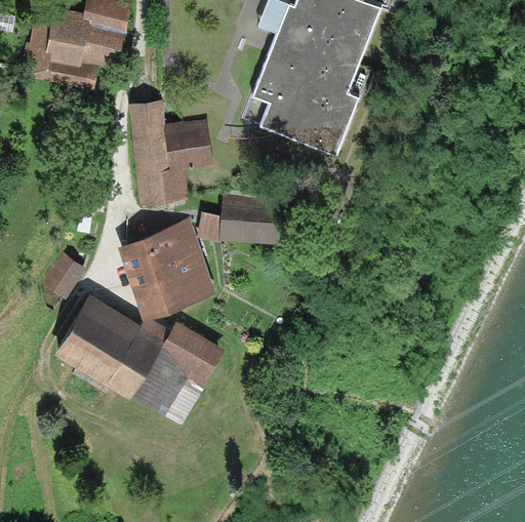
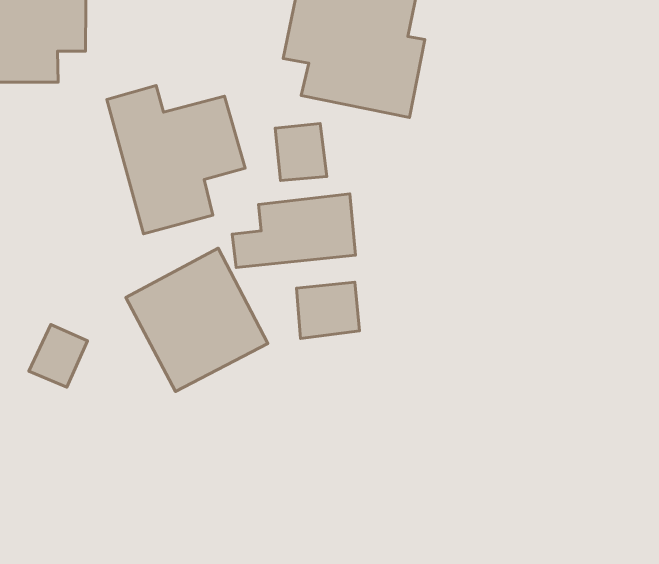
building: none -> [275,124,327,180]
building: none -> [296,282,360,339]
building: [53,292,220,428] -> none

